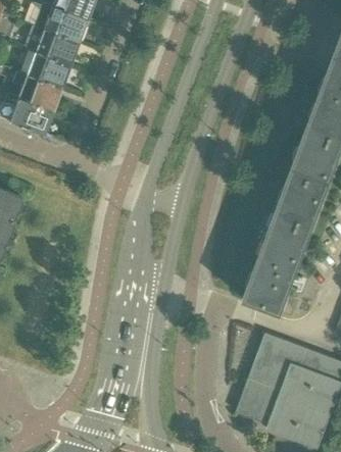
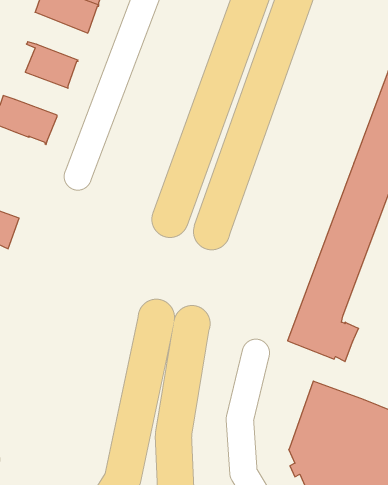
building: [35,26,78,64] -> none
building: [11,70,61,110] -> none

